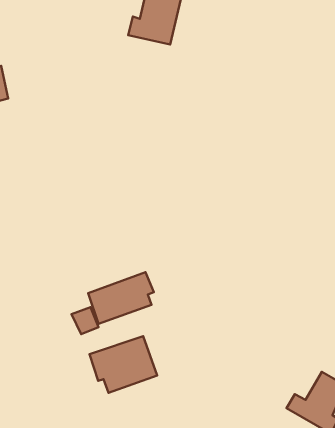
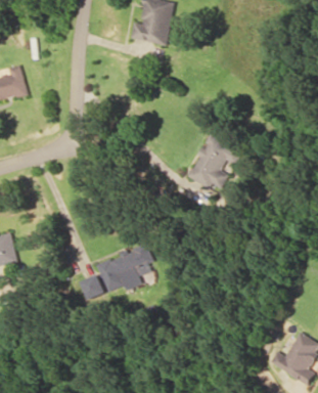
building: none -> [187,134,239,192]
building: [90,336,157,393] -> none

